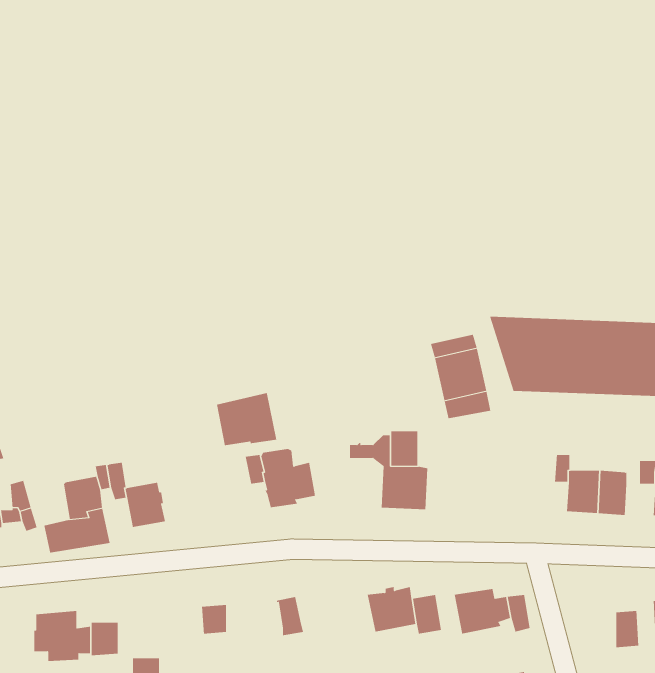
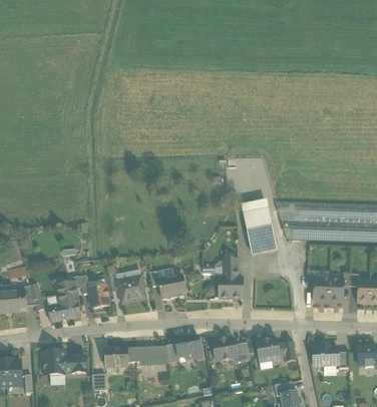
building: [216,393,277,446] -> [116,277,147,304]
building: none -> [175,336,202,360]
building: none -> [312,345,338,366]
building: none -> [140,346,168,361]
building: none -> [104,348,128,367]

